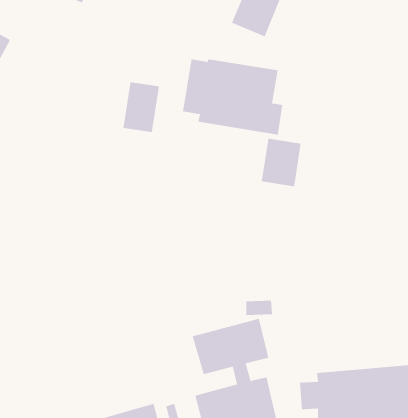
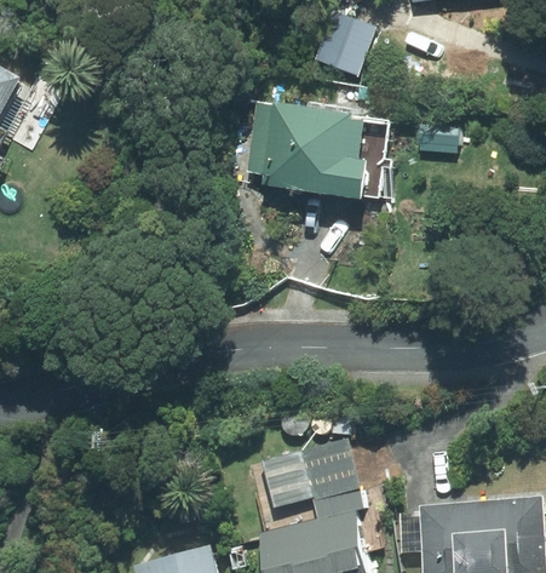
building: [123,81,160,133] -> none
building: [261,138,301,187] -> none

